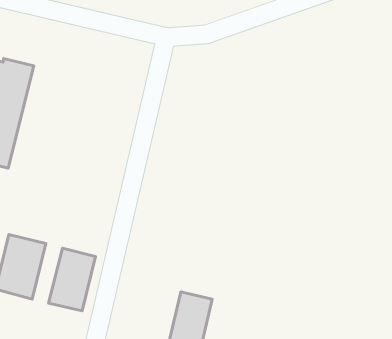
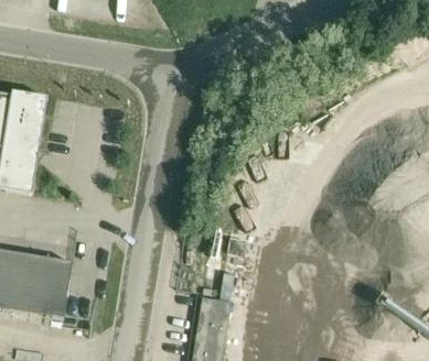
building: [49,248,96,311] -> none

